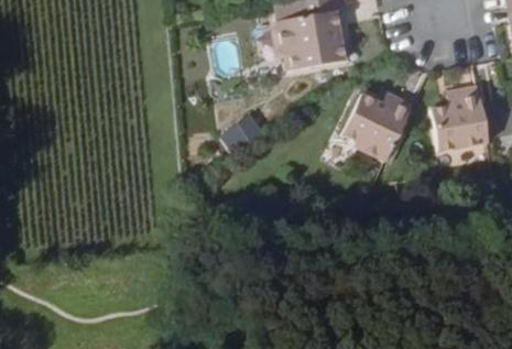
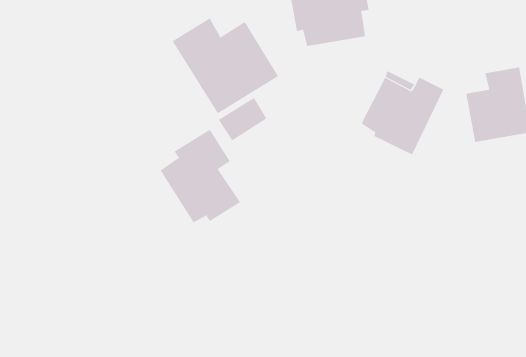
building: none -> [172,17,279,114]
building: none -> [160,129,241,223]

